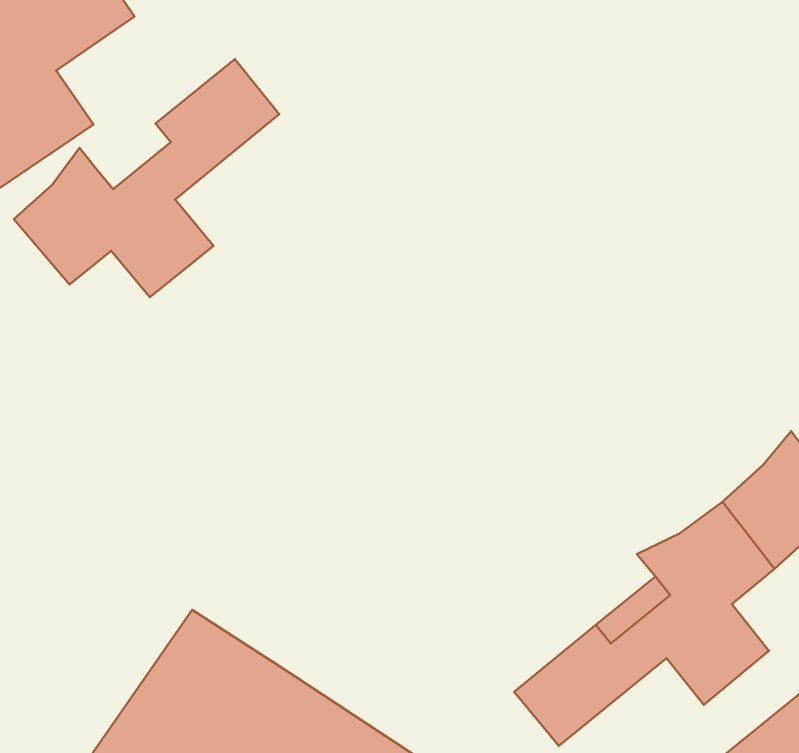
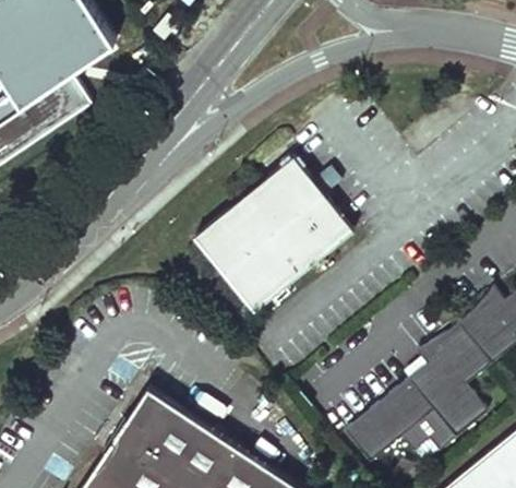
building: [14,59,279,297] -> none
building: none -> [193,158,351,313]

